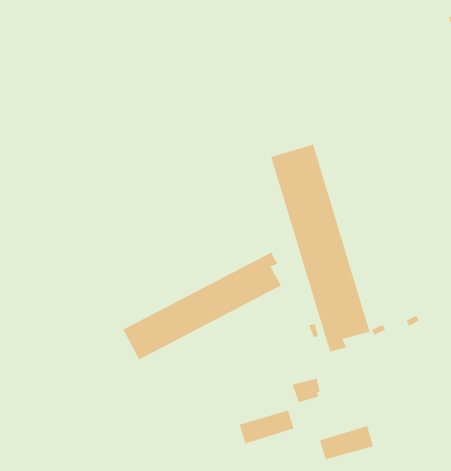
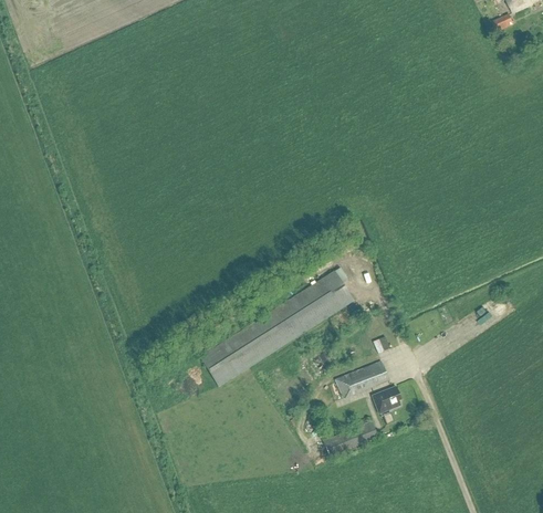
building: [270,144,370,352] -> none
building: [319,426,374,460] -> [334,359,388,397]

